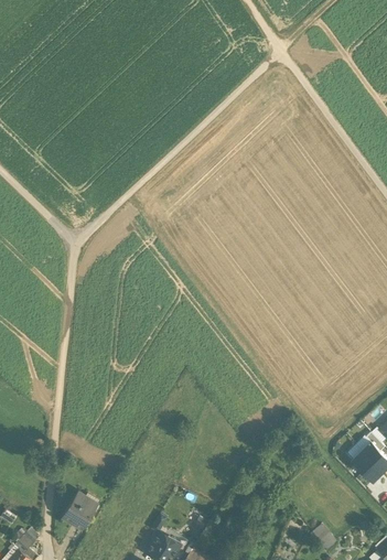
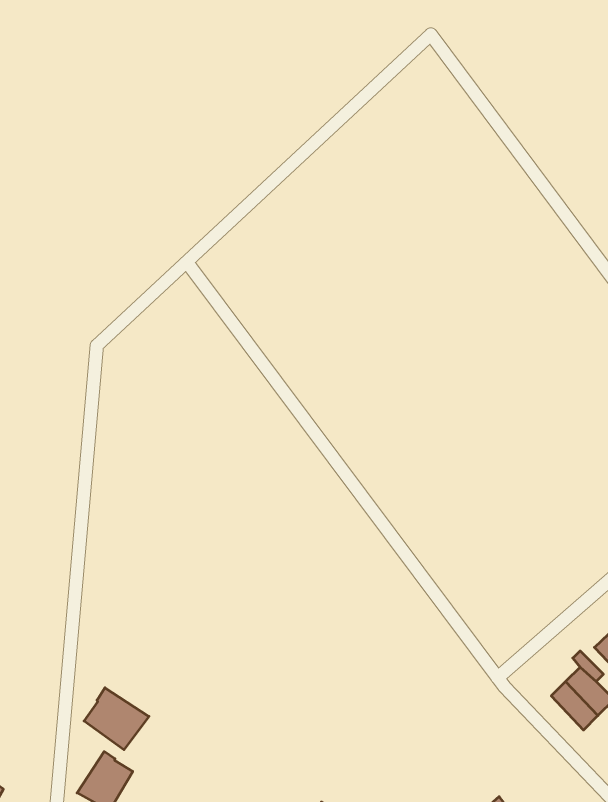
building: none -> [84,688,149,750]

